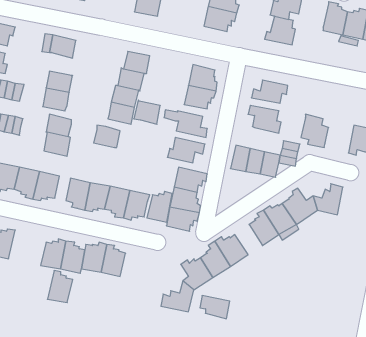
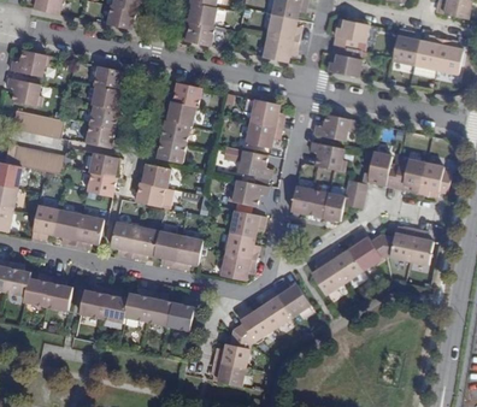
building: none -> [92,84,120,110]
building: [134,100,160,124] -> [135,182,164,208]
building: none -> [394,160,425,194]
building: none -> [407,231,432,266]
building: [147,191,172,222] -> [170,300,198,334]
building: [47,271,73,303] -> [48,278,76,313]
building: [200,296,230,319] -> [212,361,245,387]

